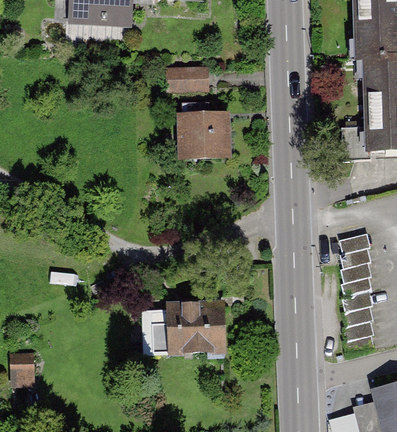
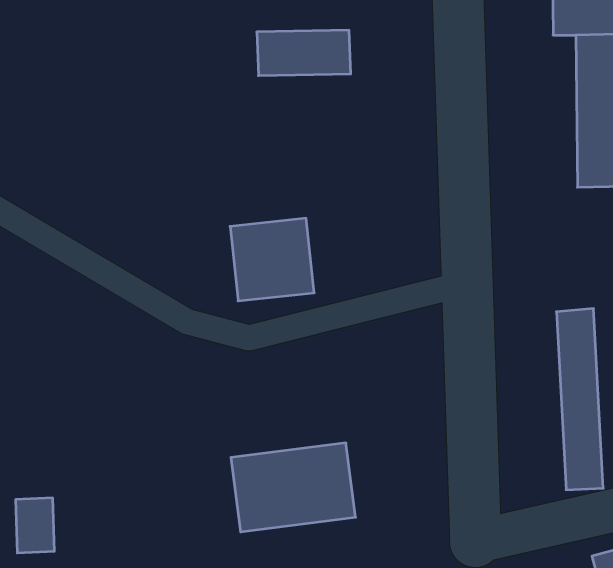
building: [174,116,226,167] -> [230,218,314,301]

